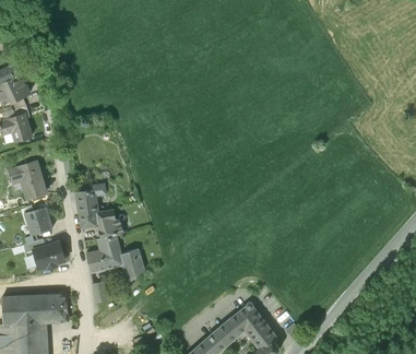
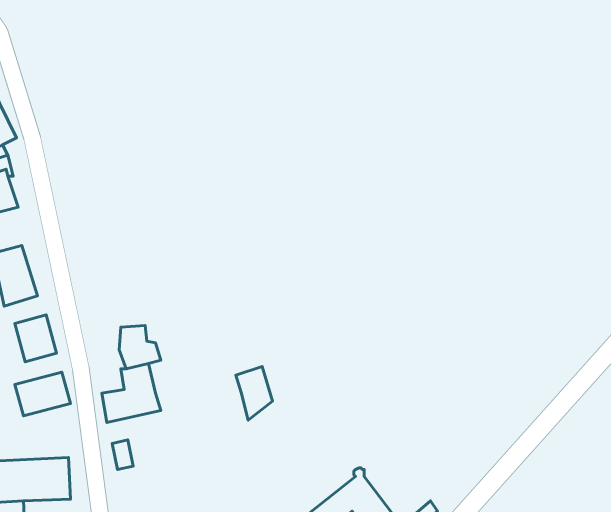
building: [75,185,105,229] -> none
building: [120,249,143,283] -> [236,366,272,420]

